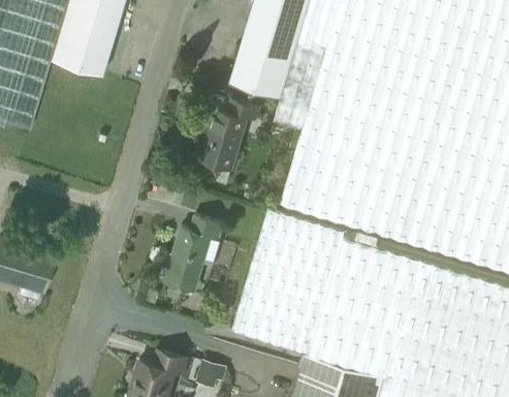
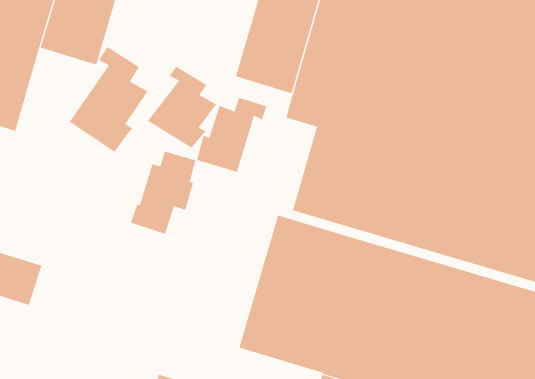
building: none -> [69,46,148,152]
building: none -> [147,66,217,149]
building: [162,216,222,292] -> [130,151,196,234]

